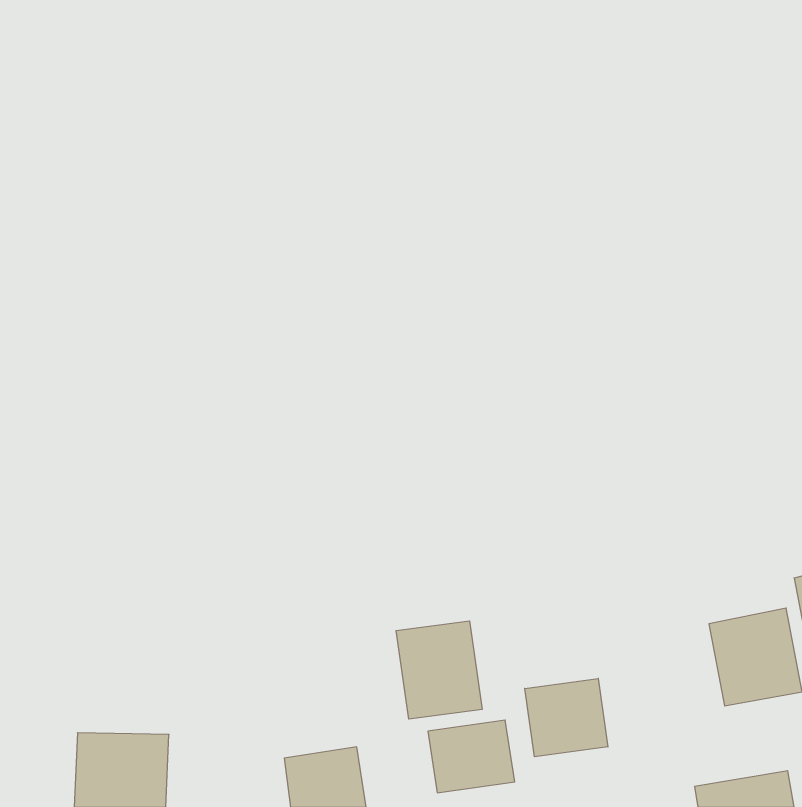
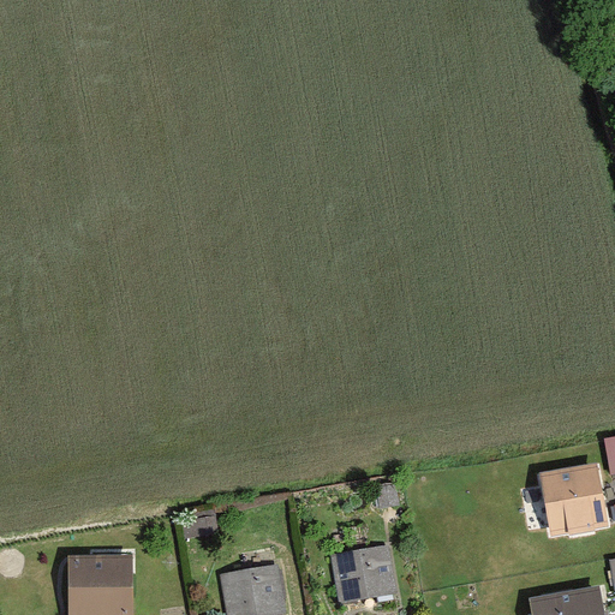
building: [396,621,482,719] -> none
building: [525,678,608,757] -> none

